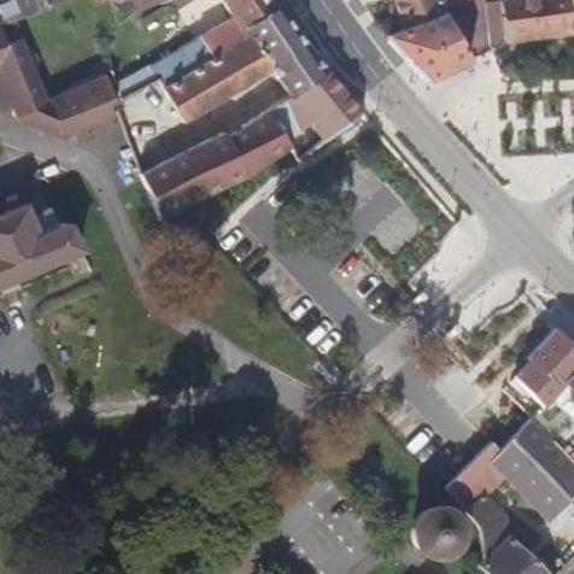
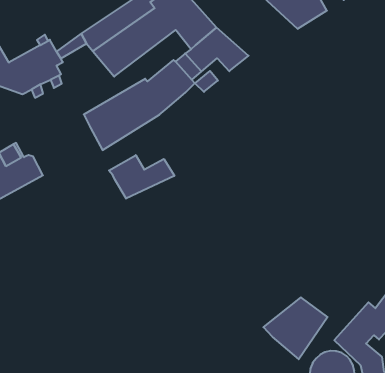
building: none -> [109,155,174,199]
building: none -> [263,297,328,359]

